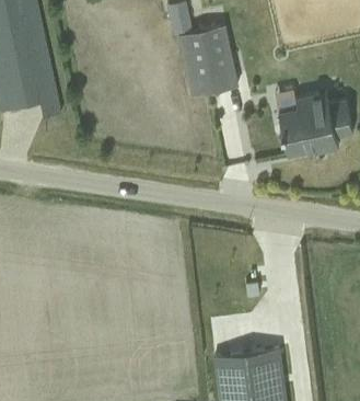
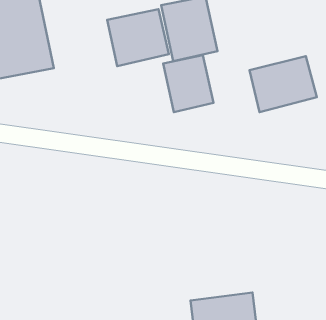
building: none -> [107,9,169,66]
building: none -> [163,55,214,112]

